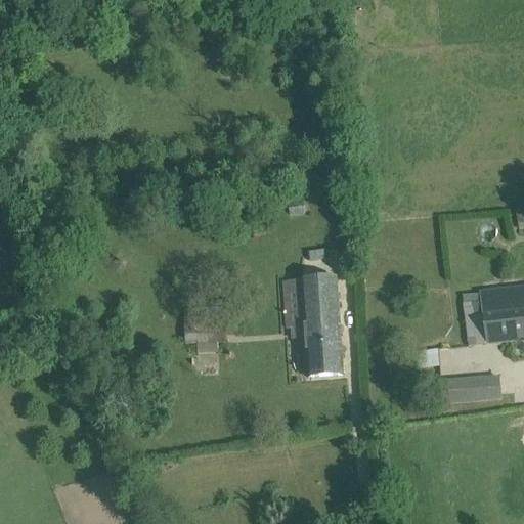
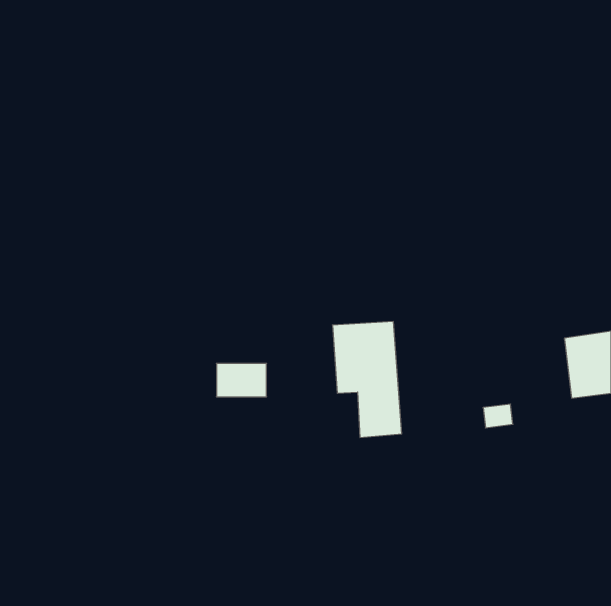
building: [463,290,489,344] -> none
building: [441,374,501,402] -> none

